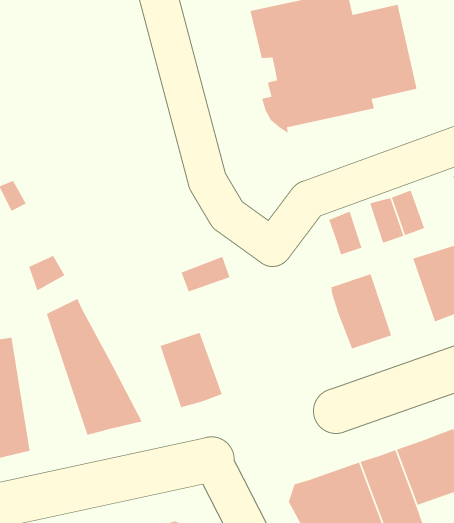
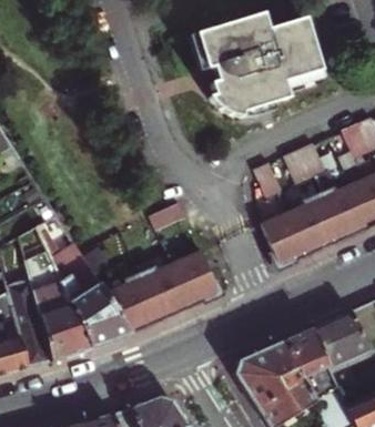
building: none -> [287,194,336,252]
building: none -> [26,244,90,356]
building: none -> [166,246,216,304]
building: none -> [104,272,156,328]

